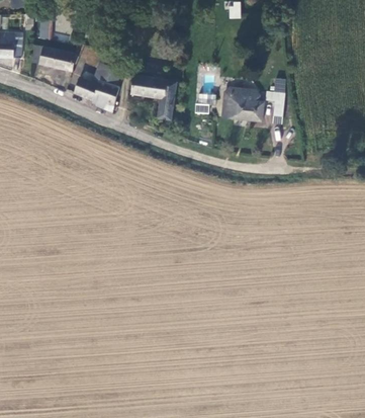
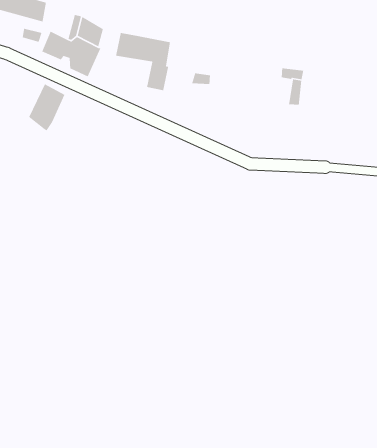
building: [219,91,260,121] -> none
building: none -> [28,83,65,131]

